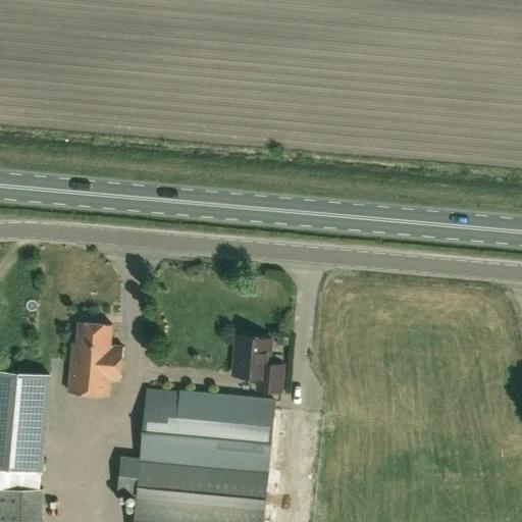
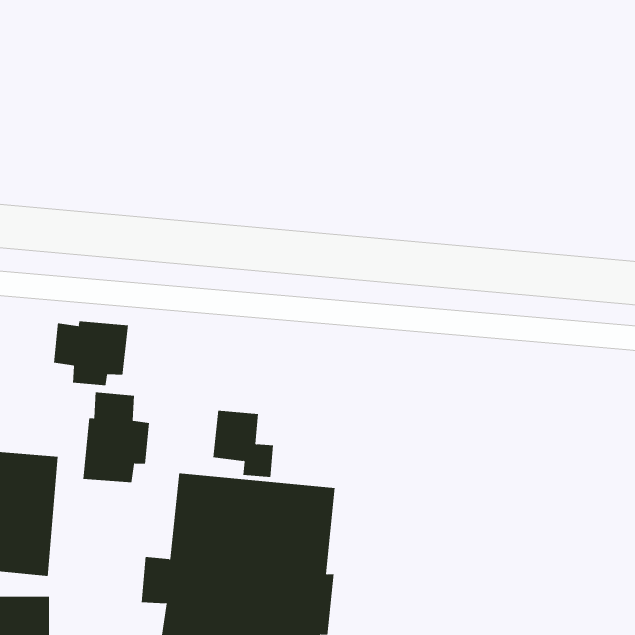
building: none -> [54,321,128,386]
building: [231,335,281,390] -> [213,410,274,478]

